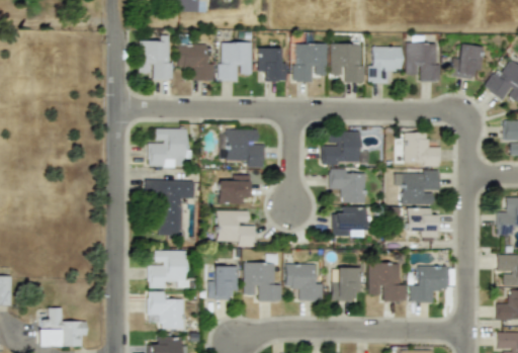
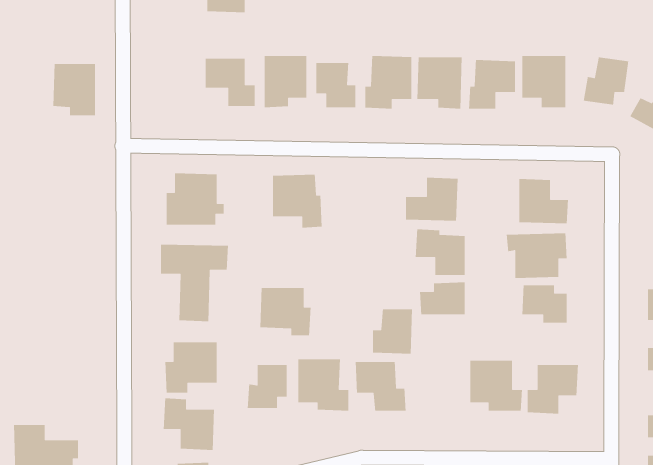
building: [140,41,171,80] -> [52,63,96,116]
building: [219,176,251,205] -> none
building: [331,268,360,301] -> [372,308,413,355]

